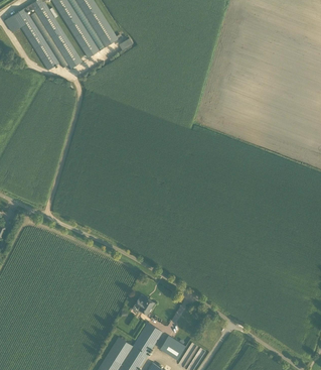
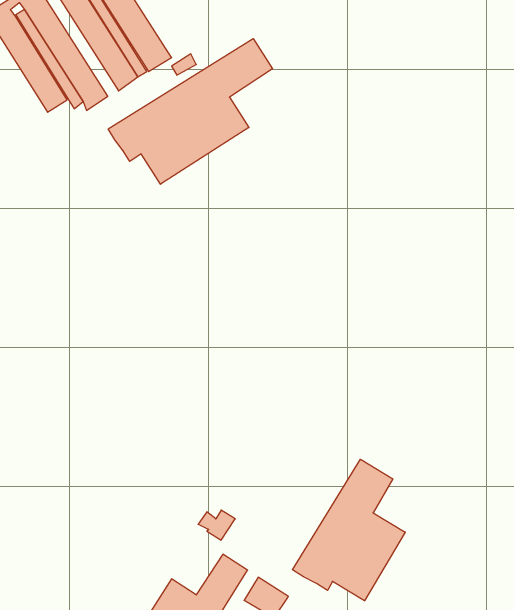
building: none -> [108,39,273,184]
building: none -> [292,459,405,601]

